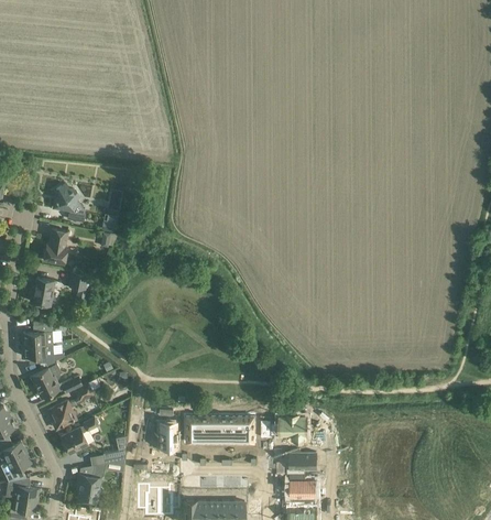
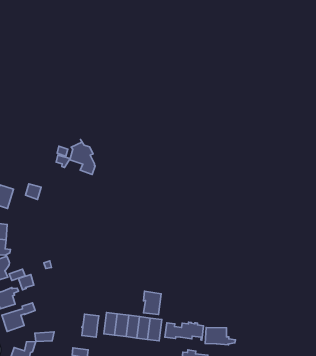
building: [53,181,85,221] -> [70,139,95,174]
building: [43,228,67,263] -> none
building: none -> [143,291,161,315]
building: none -> [205,328,236,345]

